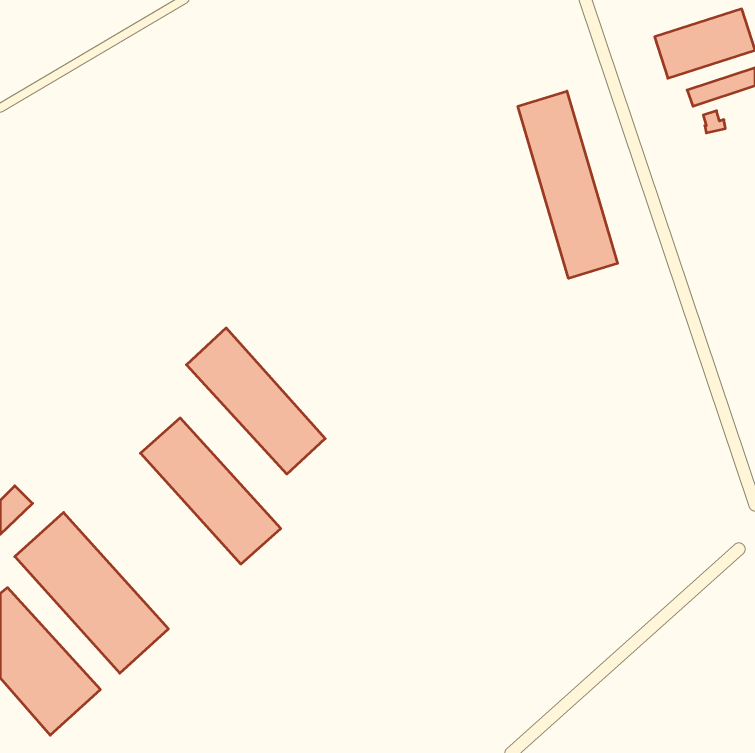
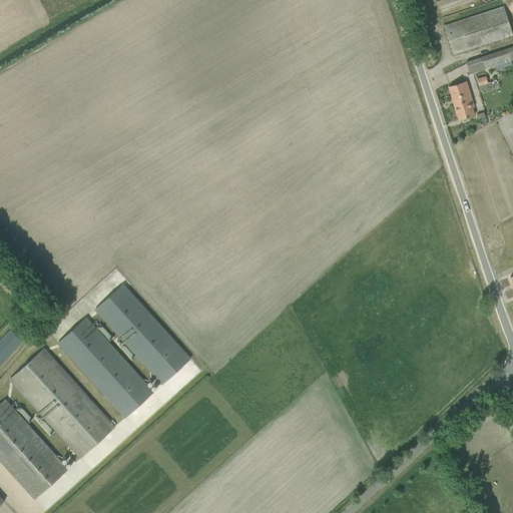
building: [518,91,618,278] -> none
building: none -> [449,80,474,119]
building: [186,328,325,474] -> [58,317,152,416]

